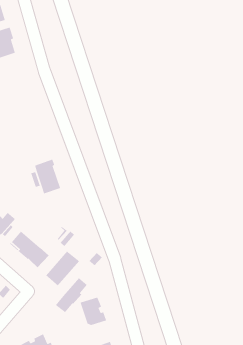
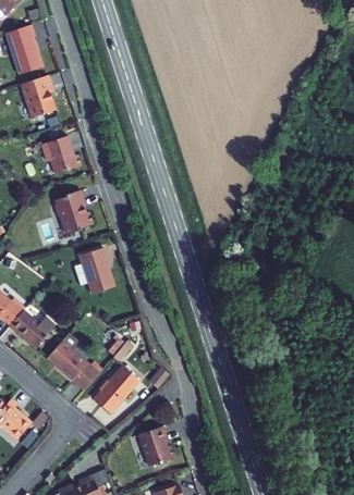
building: none -> [41,136,81,174]
building: none -> [57,189,95,234]
building: [55,277,88,313] -> none

